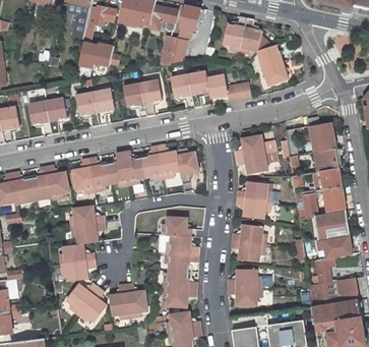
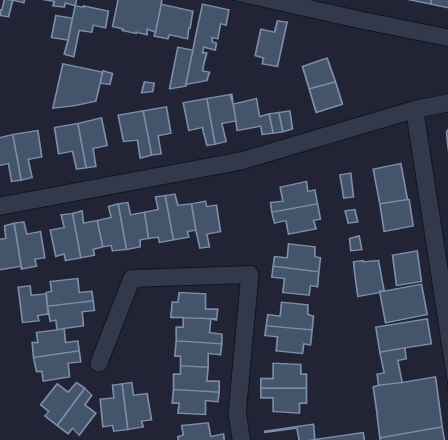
building: [239,18,271,54] -> none
building: [309,168,342,191] -> none
building: none -> [18,286,48,322]

